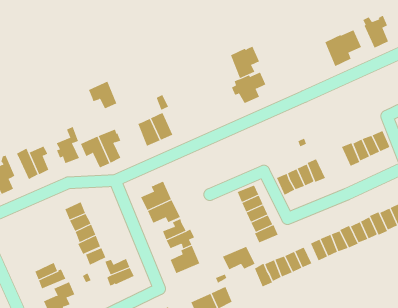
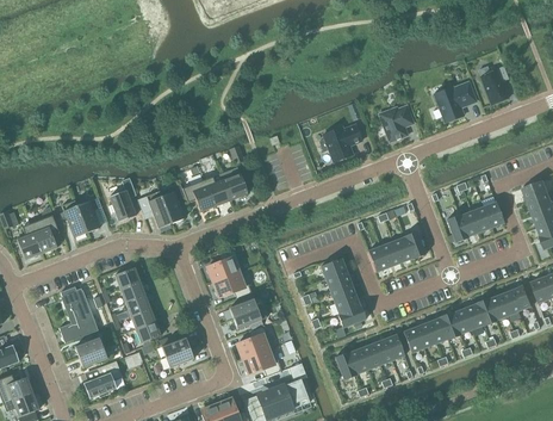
building: [230,46,260,79] -> [379,104,414,142]
building: [88,81,117,109] -> [182,178,216,211]
building: none -> [60,286,98,341]
building: [222,246,256,270] -> [242,347,281,374]

